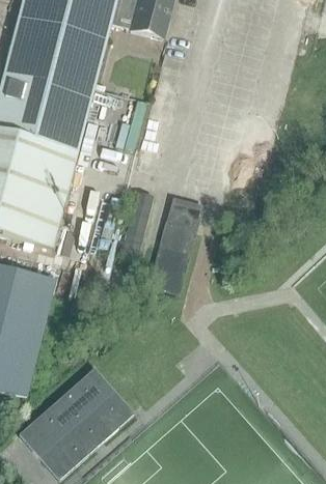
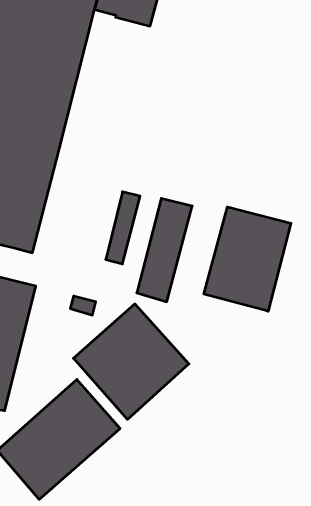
building: none -> [204,207,291,311]
building: none -> [73,304,189,419]

